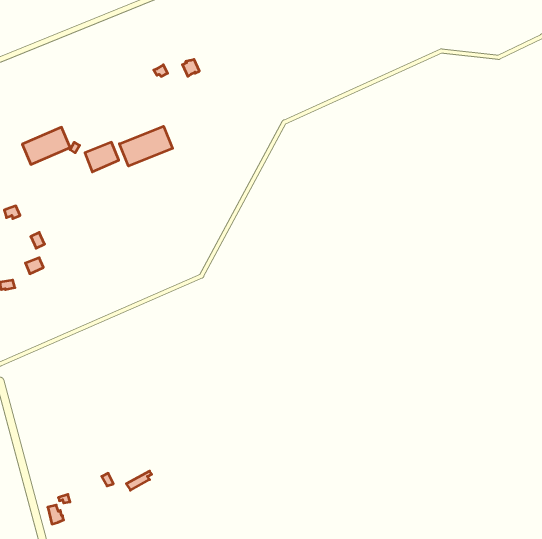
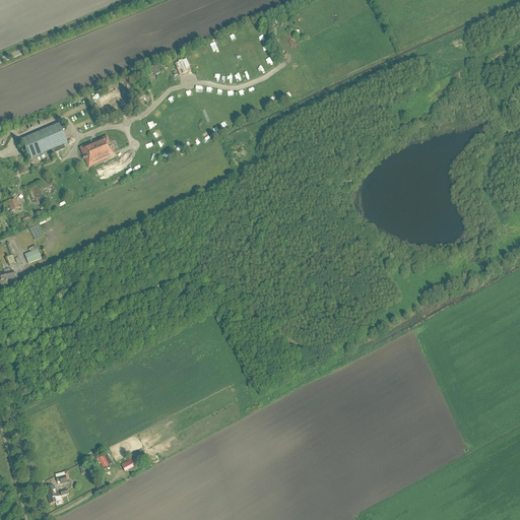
building: [119,126,173,166] -> none

